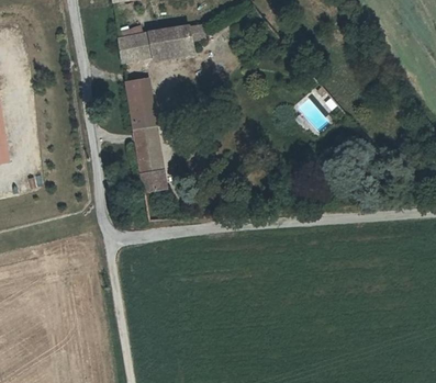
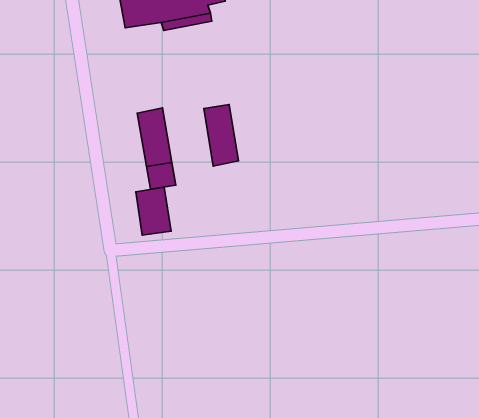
building: [126,78,155,128] -> [204,105,239,166]
building: none -> [136,187,171,235]

